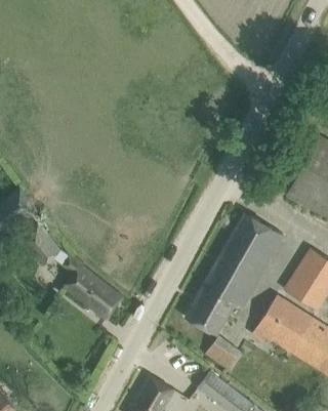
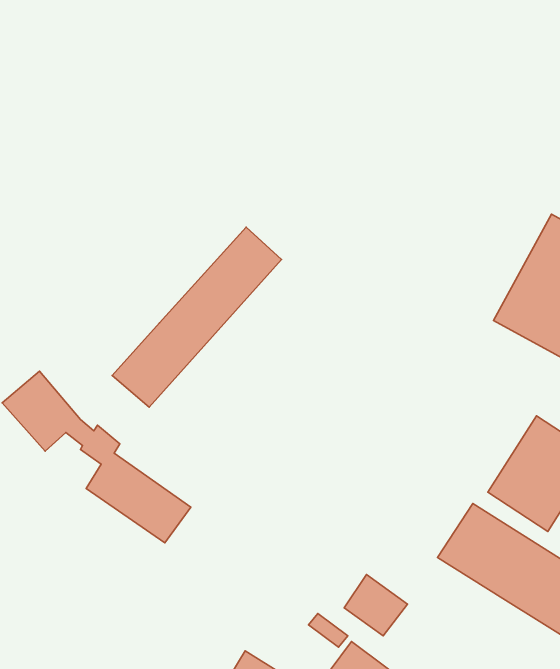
building: none -> [112,227,282,407]
building: [184,213,282,335] -> none

